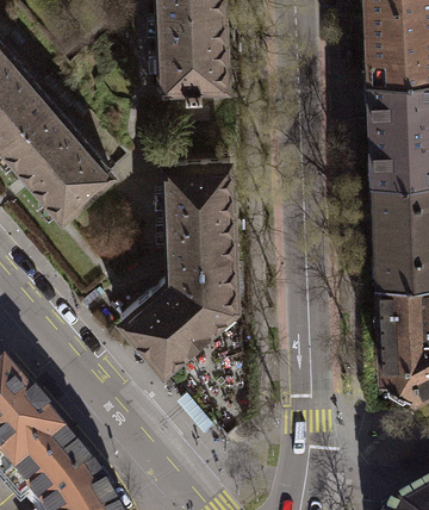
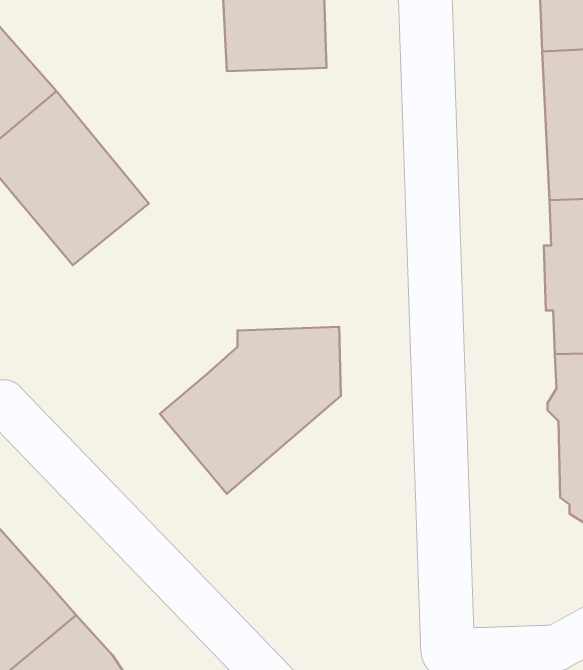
building: [164,156,235,254] -> none

